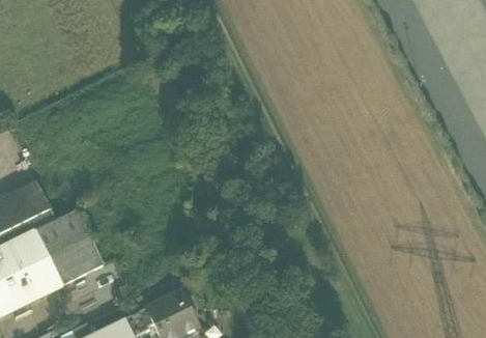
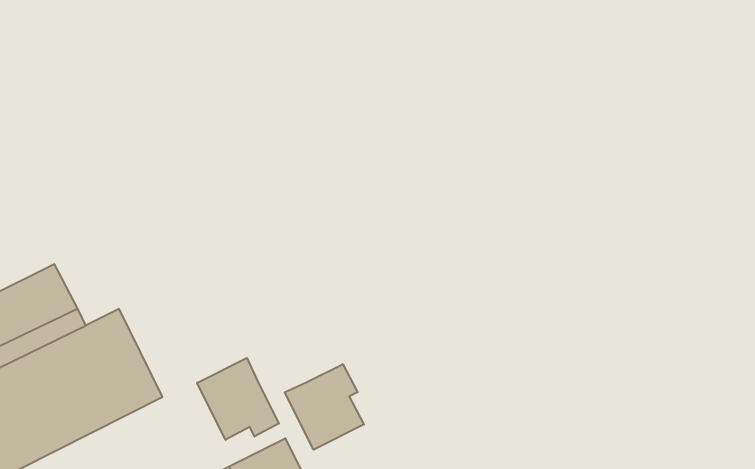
building: none -> [197,358,279,440]
building: none -> [285,364,364,450]

